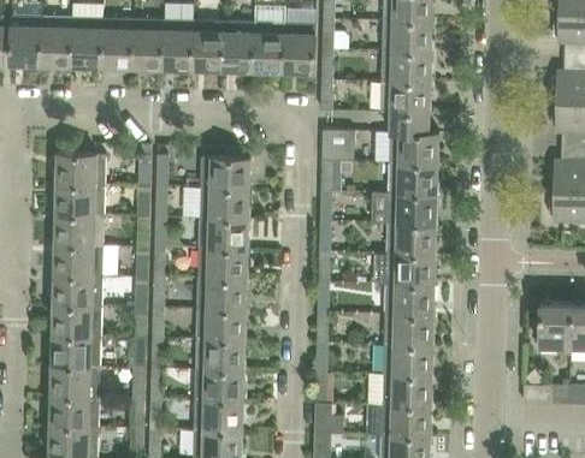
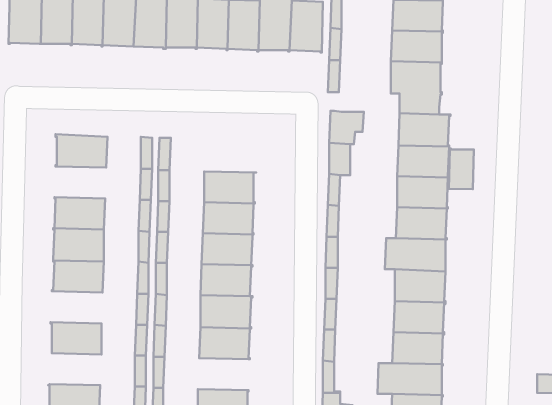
building: [200,157,252,190] -> none
building: none -> [449,148,474,189]
building: [54,184,105,215] -> none
building: [51,305,101,337] -> none
building: [49,365,100,397] -> none
building: [194,370,243,402] -> none

